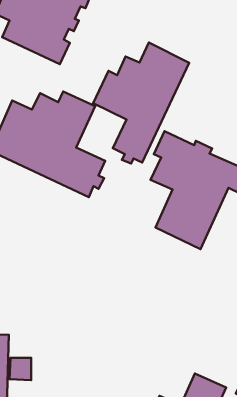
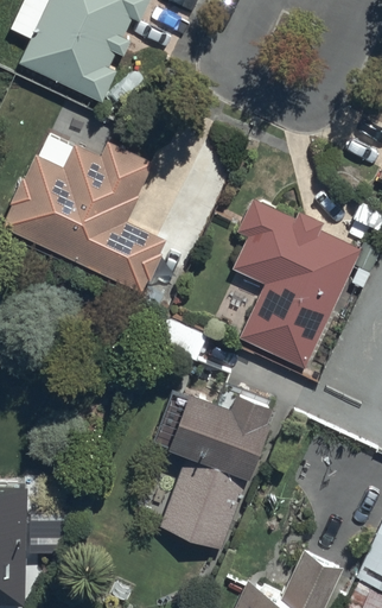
building: [93,43,189,163] -> none
building: none -> [152,391,274,550]

